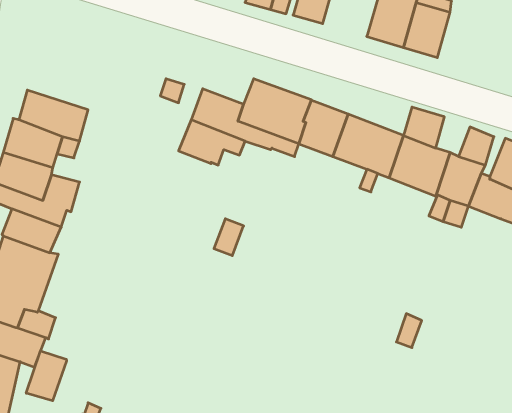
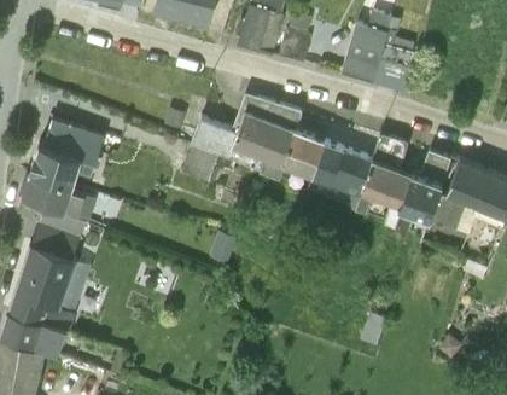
building: none -> [233,94,302,130]
building: [26,351,67,401] -> none

